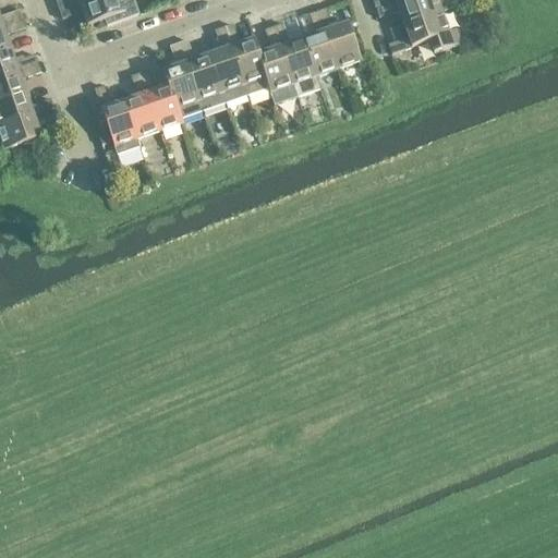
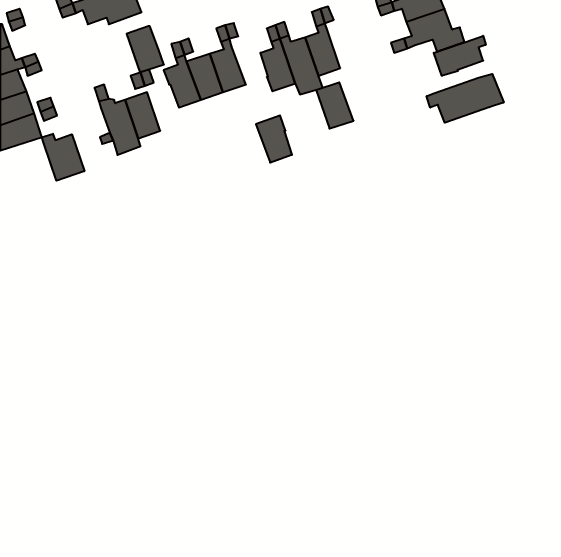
building: [325,22,362,68] -> [316,82,354,129]
building: none -> [434,36,486,76]
building: [230,37,266,84] -> [256,115,292,163]
building: none -> [427,74,504,123]
building: [146,84,183,130] -> [127,26,164,72]
building: none -> [42,134,84,181]

